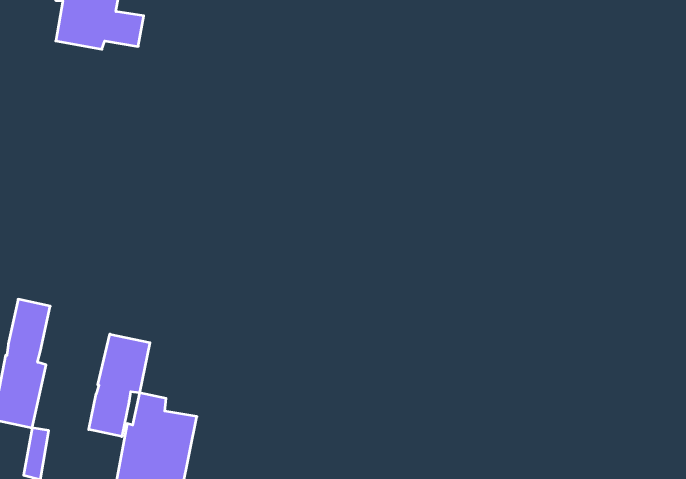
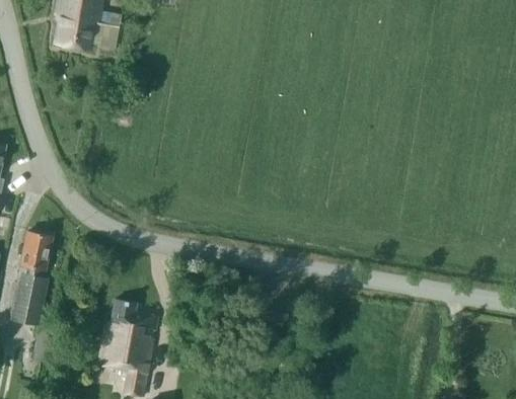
building: [89,334,150,437] -> none

